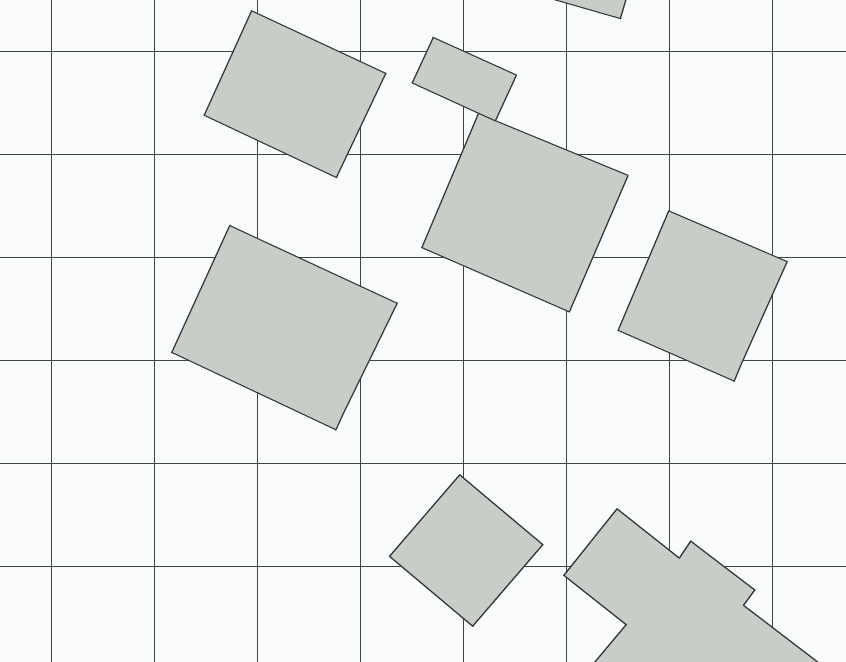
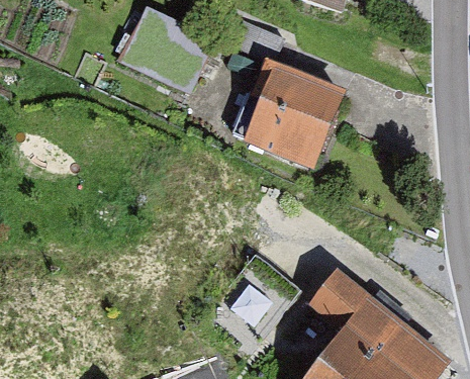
building: [618,211,787,381] -> none
building: [172,225,397,430] -> none

